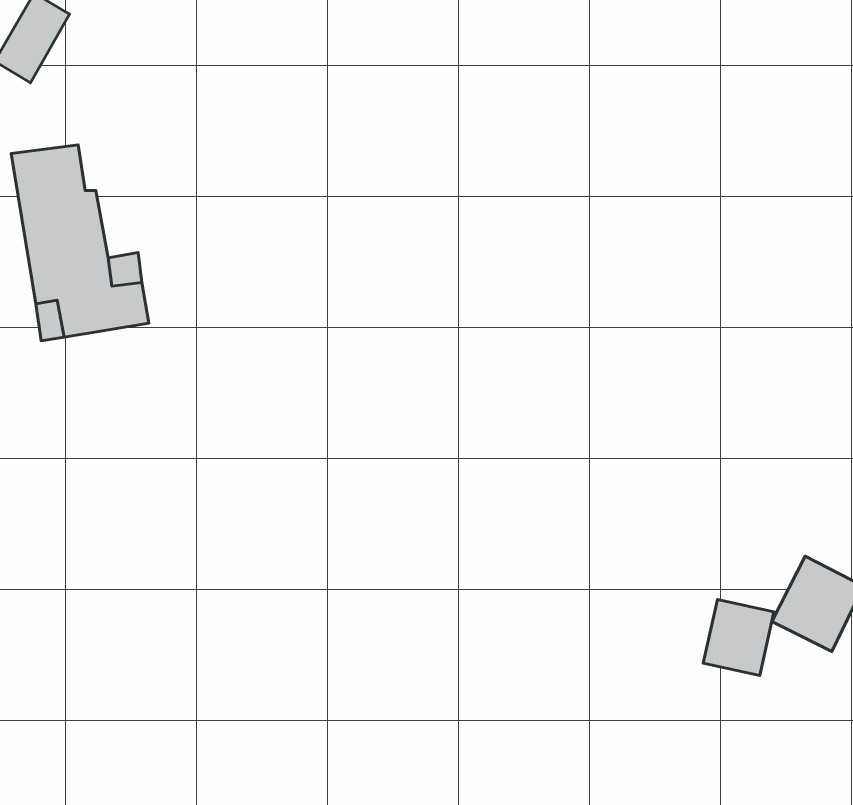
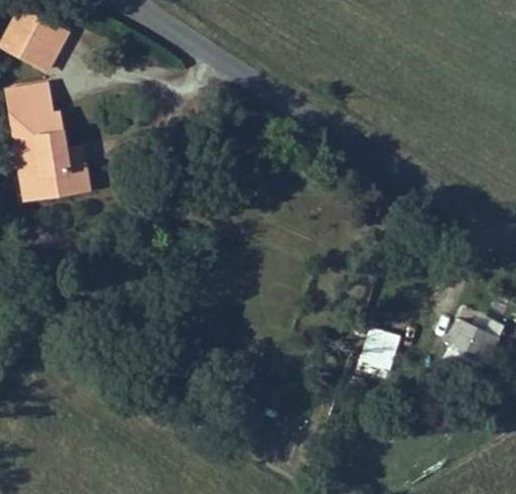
building: none -> [21,13,69,67]
building: [703,600,774,675] -> [359,327,399,370]

